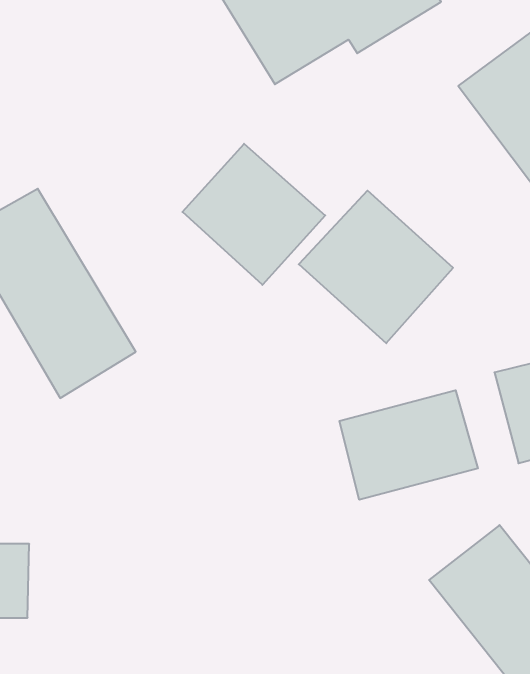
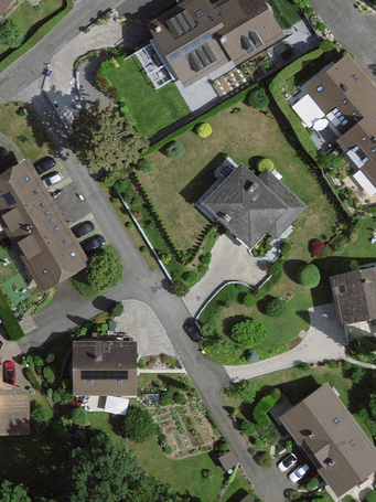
building: [182,144,325,285] -> none
building: [339,390,478,500] -> none
building: none -> [72,341,135,394]

